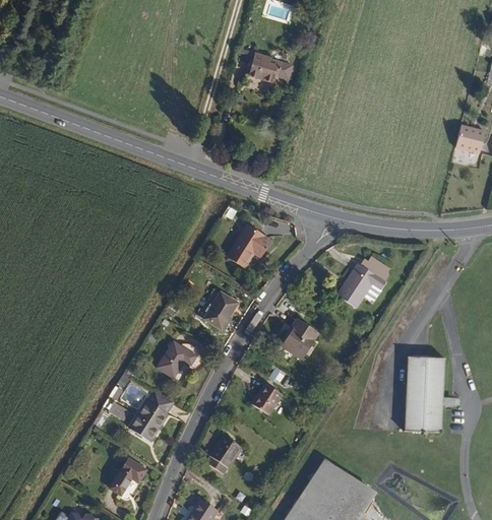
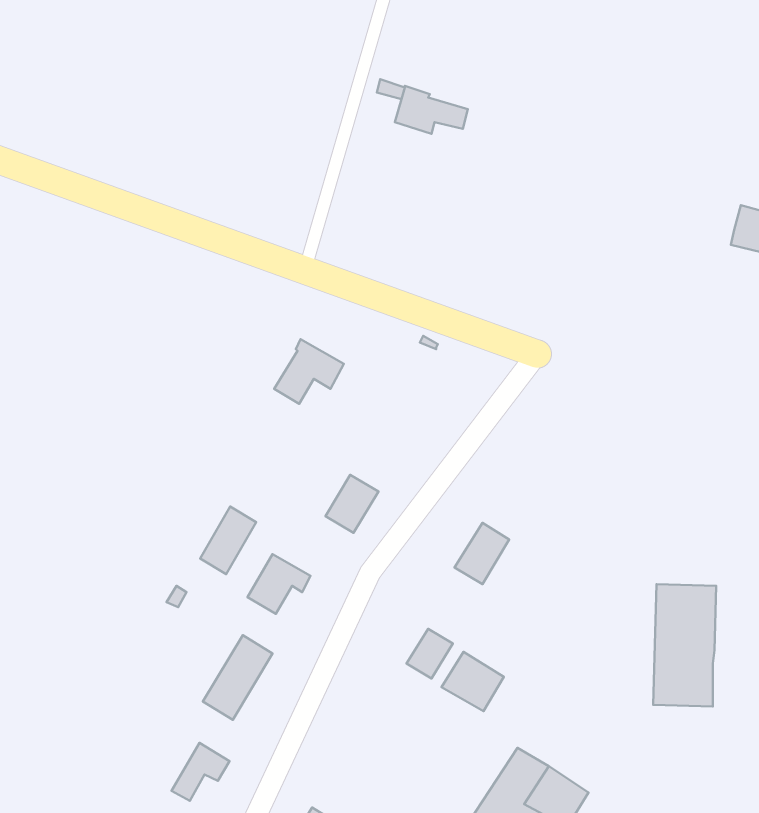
building: [233,223,275,263] -> [274,339,344,404]
building: [344,257,388,296] -> none
building: none -> [200,507,256,574]
building: none -> [442,652,504,711]
building: [204,433,245,474] -> none

